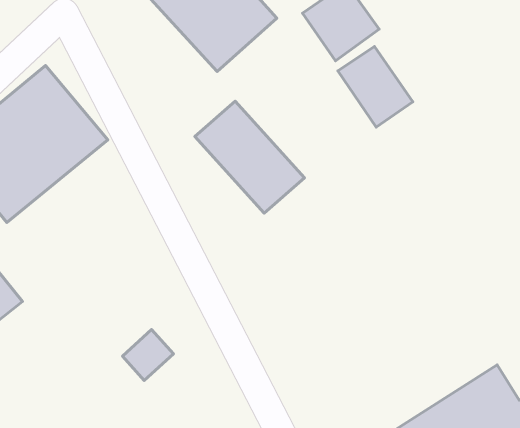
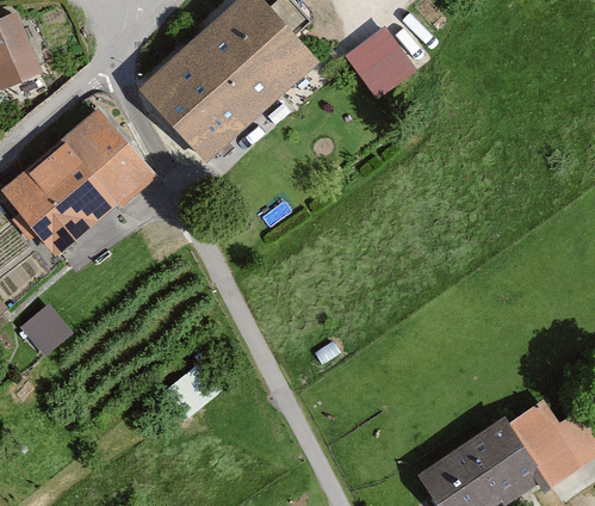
building: [338,46,413,127] -> none
building: [195,101,304,213] -> [134,51,241,161]

